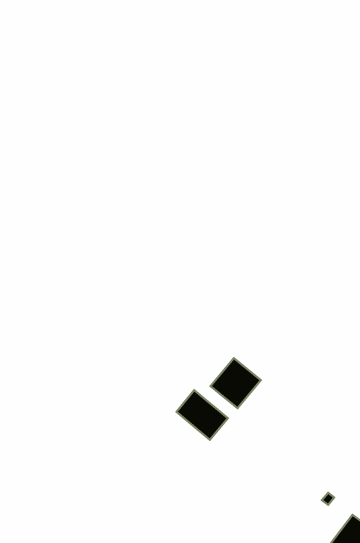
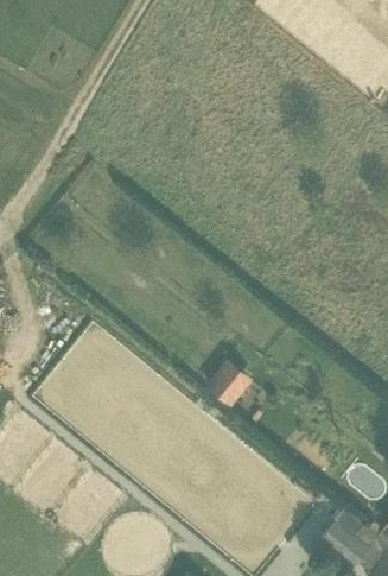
building: [176,390,228,440] -> none

